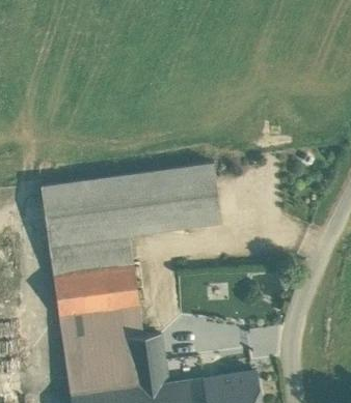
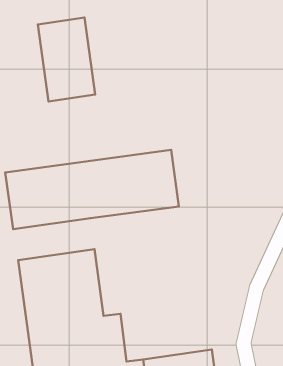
building: none -> [38,17,95,102]
building: [49,234,134,278] -> none

